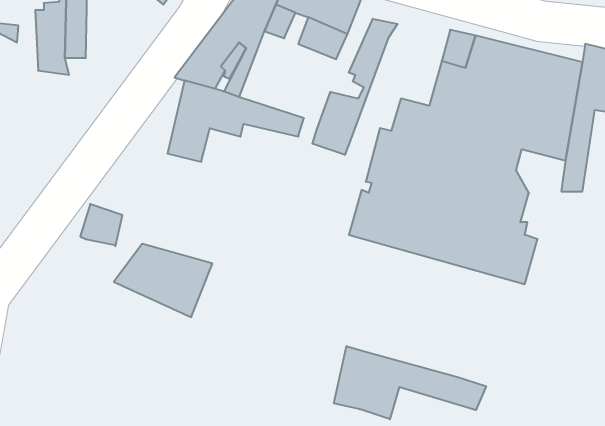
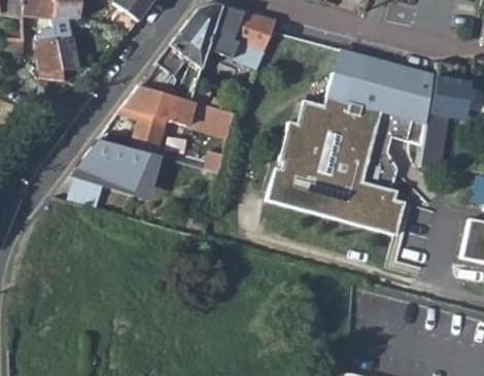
building: [312,19,398,155] -> none
building: [114,244,212,317] -> [77,138,149,192]
building: [334,346,486,419] -> none

